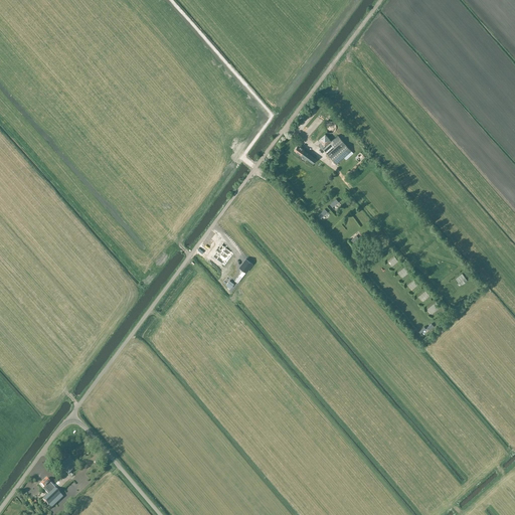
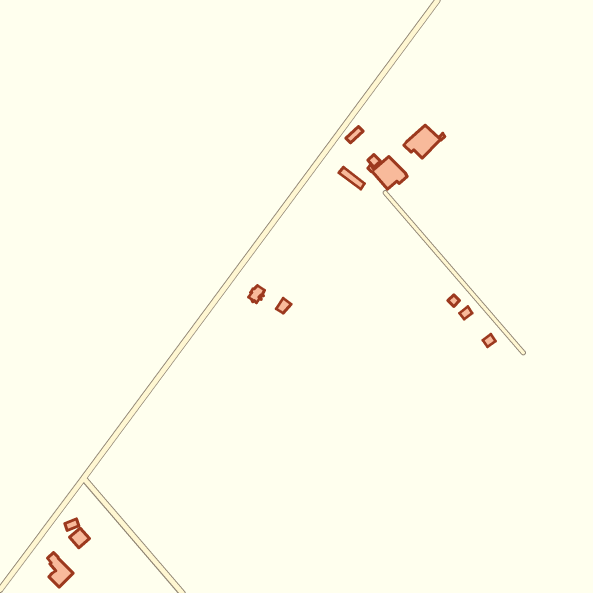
building: none -> [404,125,445,158]

